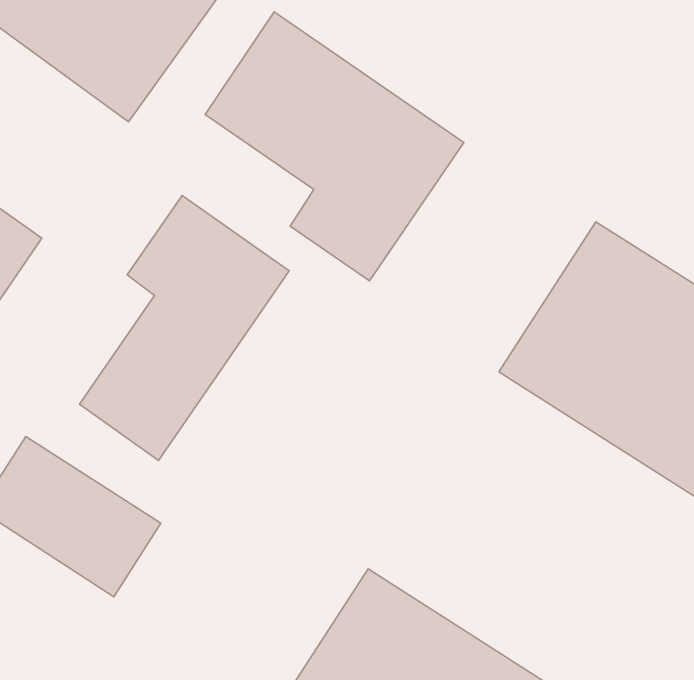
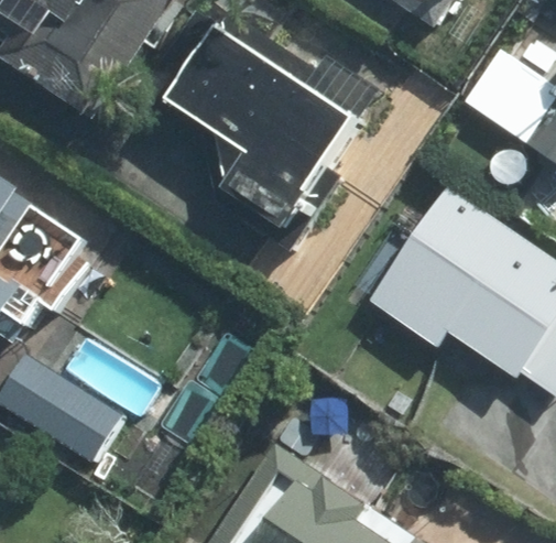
building: [79,196,289,461] -> none

